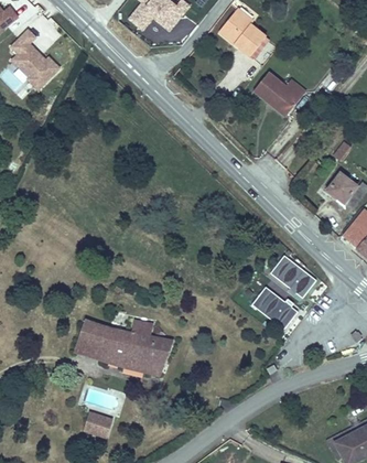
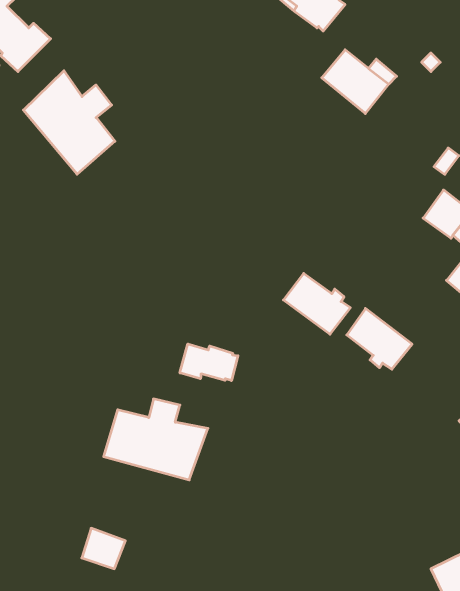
building: none -> [23,71,115,174]
building: none -> [180,344,238,381]
building: [251,287,299,330] -> [283,273,350,334]
building: [75,319,109,359] -> none

